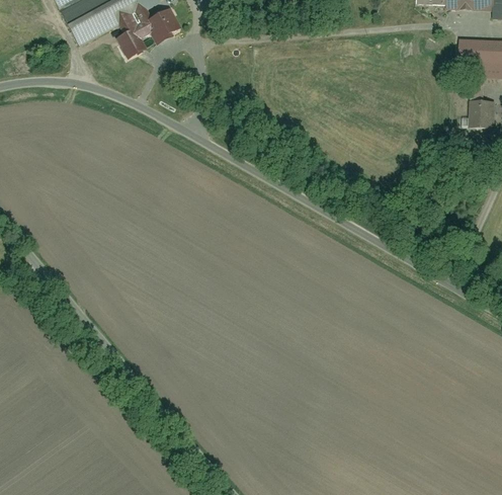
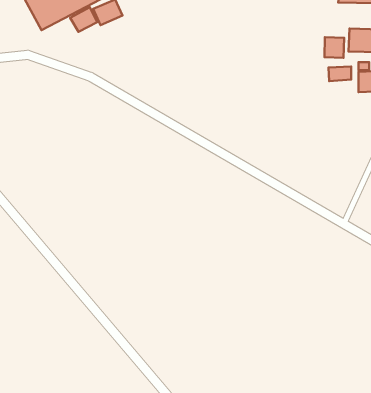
building: none -> [324,37,344,58]
building: none -> [329,67,351,81]

